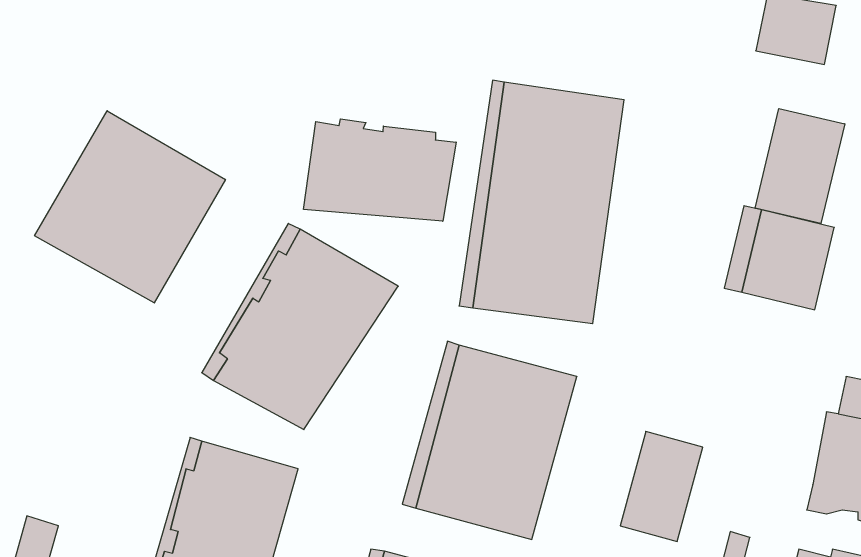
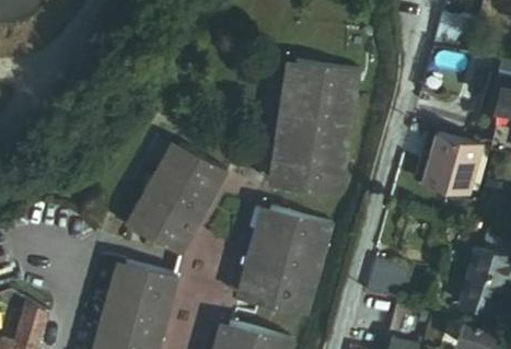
building: [755,109,845,223] -> none
building: [35,111,225,303] -> none
building: [304,119,456,221] -> none

